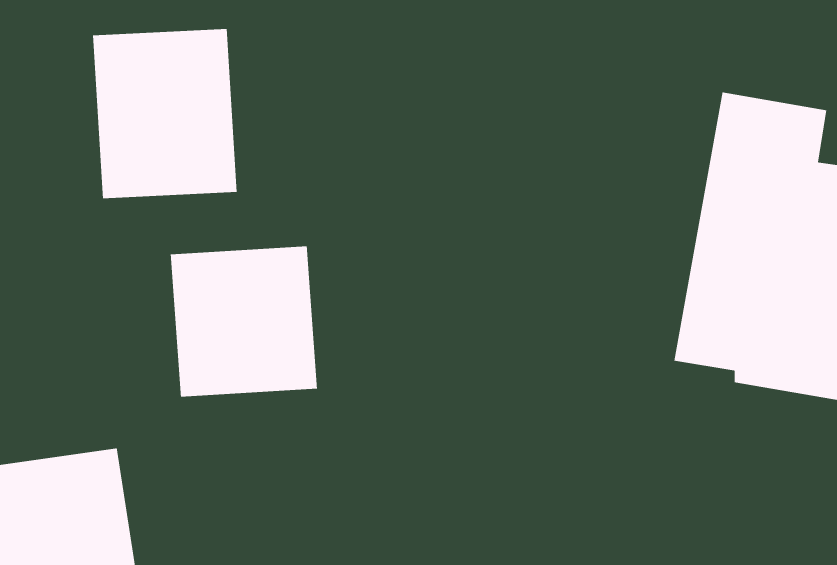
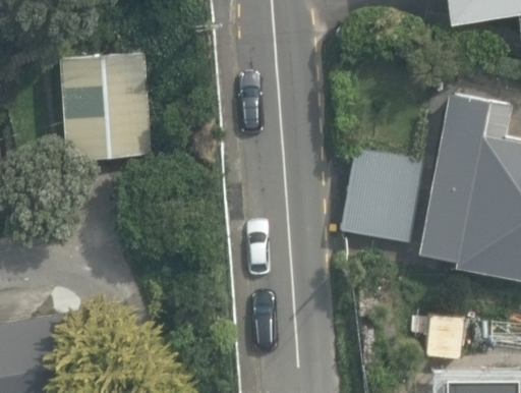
building: none -> [340,148,426,245]
building: [170,245,317,398] -> none

